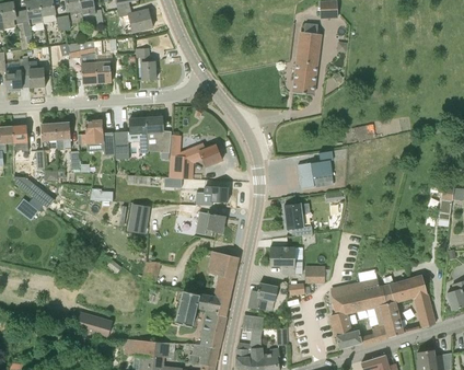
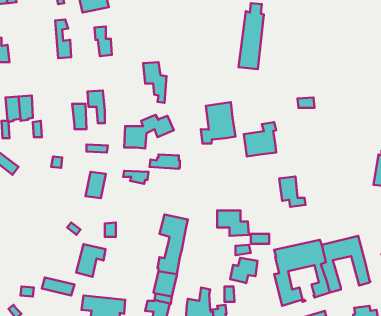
building: [50,41,97,83] -> none
building: [146,116,171,160] -> [143,62,166,103]
building: [82,119,115,155] -> none
building: none -> [201,102,235,144]
building: [283,203,312,235] -> [279,176,306,207]
building: [195,211,224,233] -> none
building: [248,282,278,310] -> [230,258,257,283]
building: [175,291,207,326] -> [76,244,106,277]

